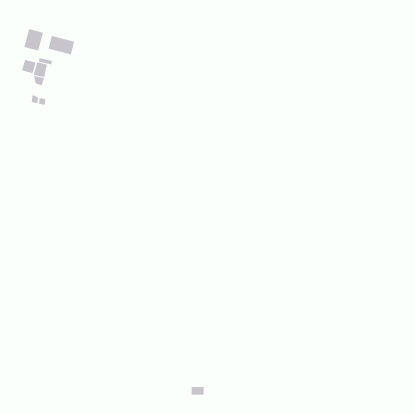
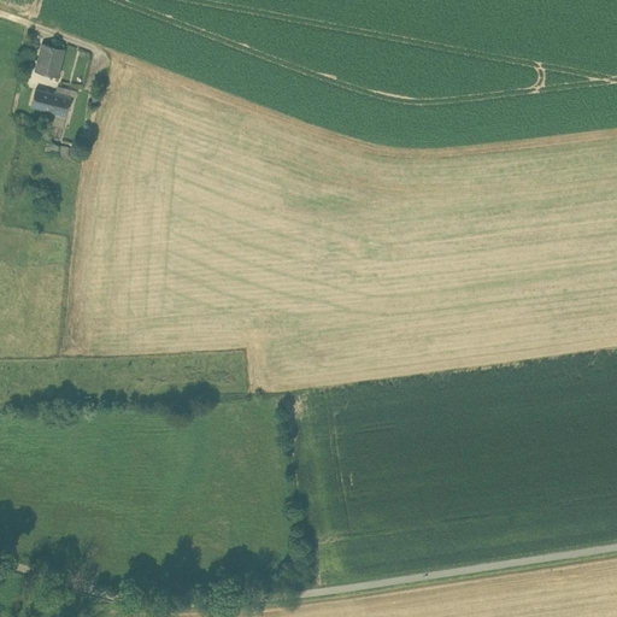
building: [48,35,75,55] -> none

